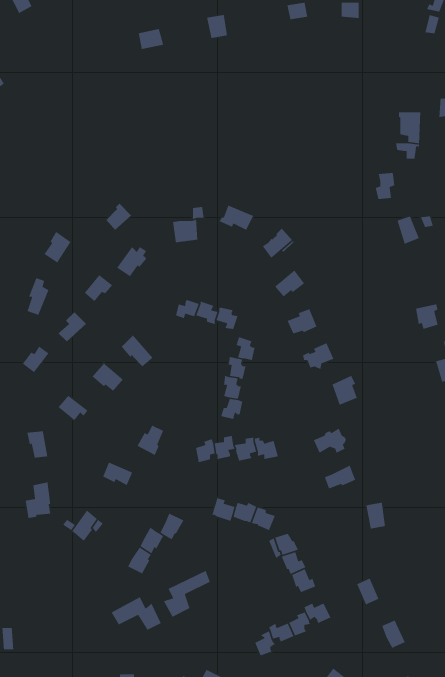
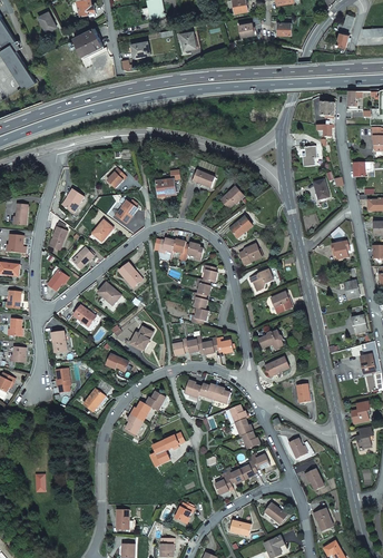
building: none -> [72,28,102,58]
building: [110,596,162,631] -> none

